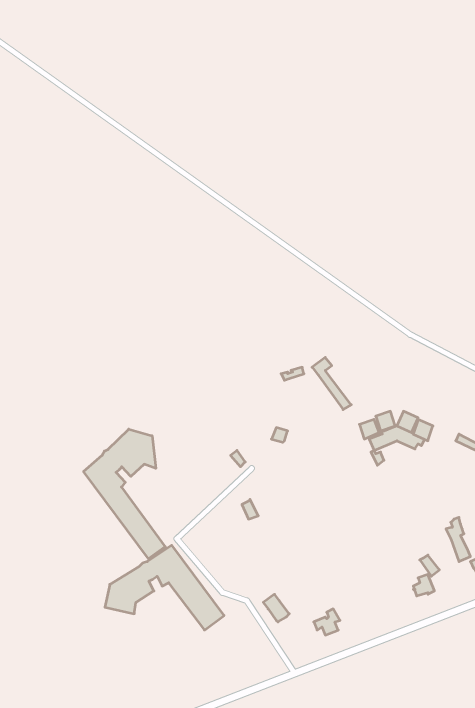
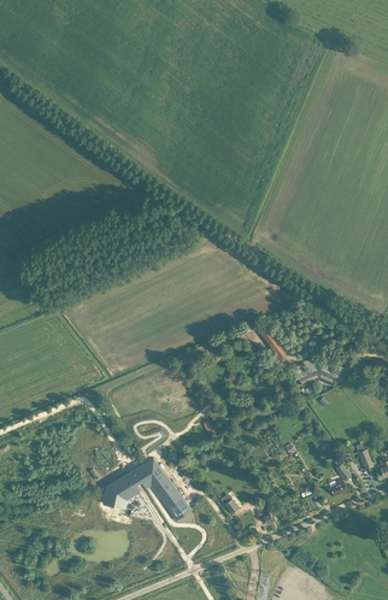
building: [84,429,165,559] -> none

